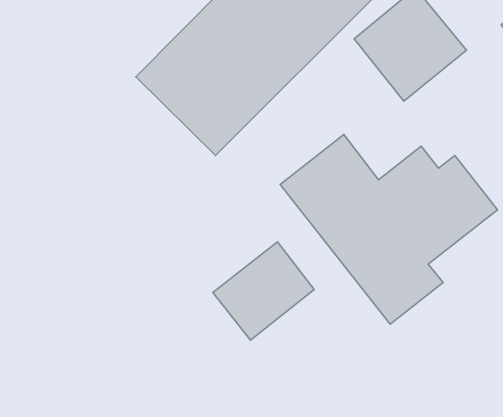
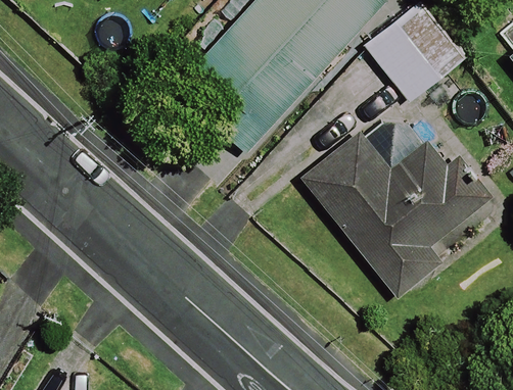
building: [213,242,314,340] -> none

